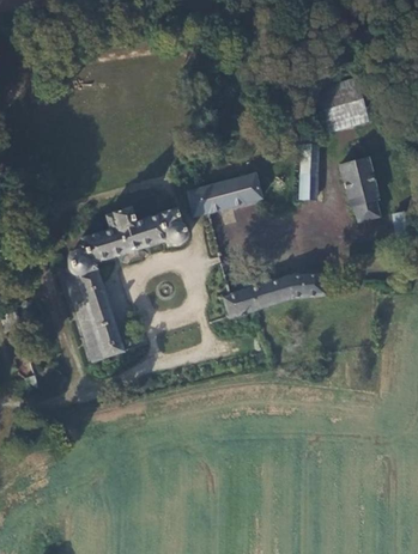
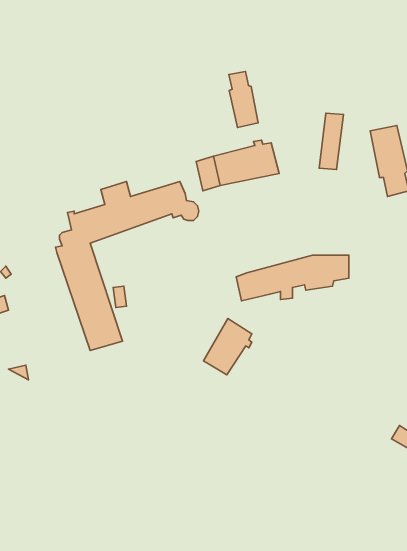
building: [317,90,368,128] -> none
building: none -> [229,72,258,127]
building: none -> [204,318,252,375]

